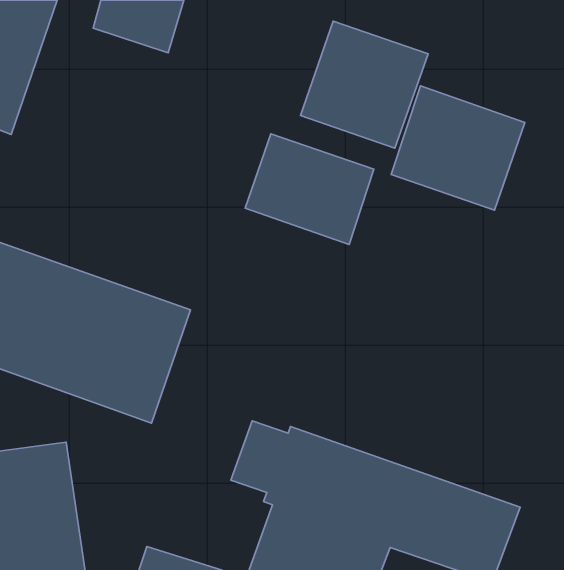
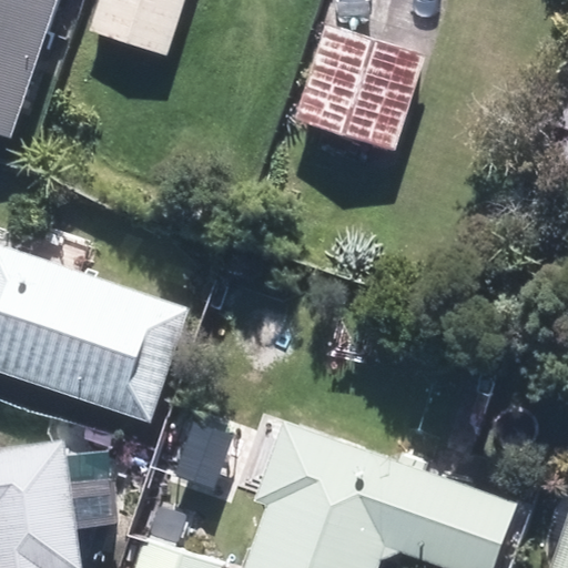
building: [391,86,525,210] -> none
building: [245,134,374,244] -> none

